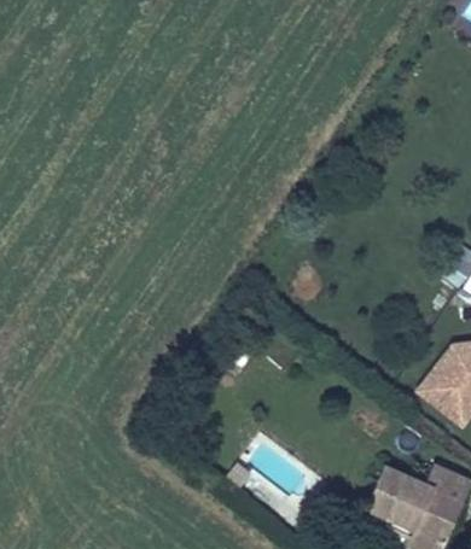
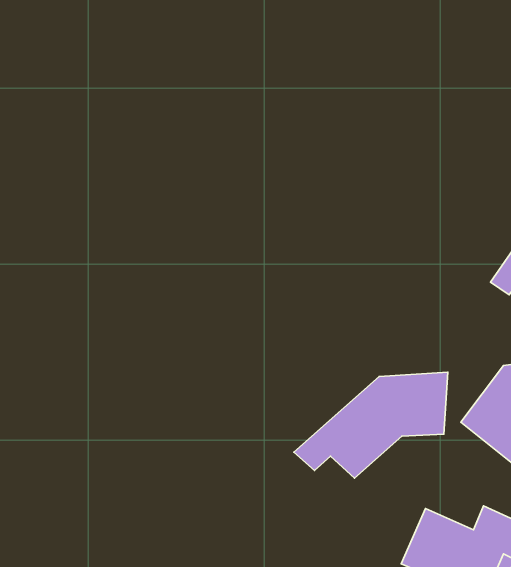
building: none -> [294,372,448,478]

